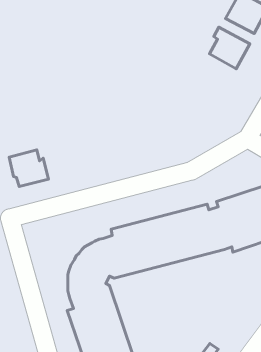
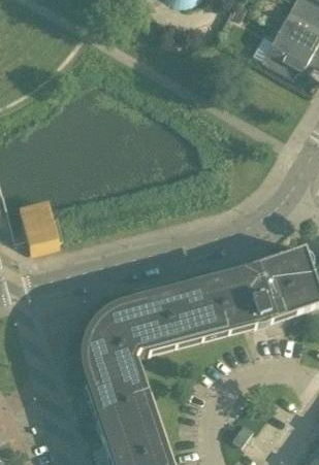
building: [210,27,250,69] -> none

